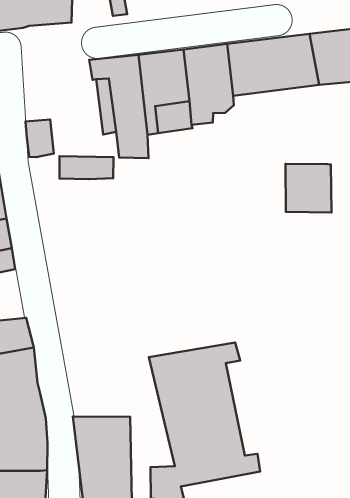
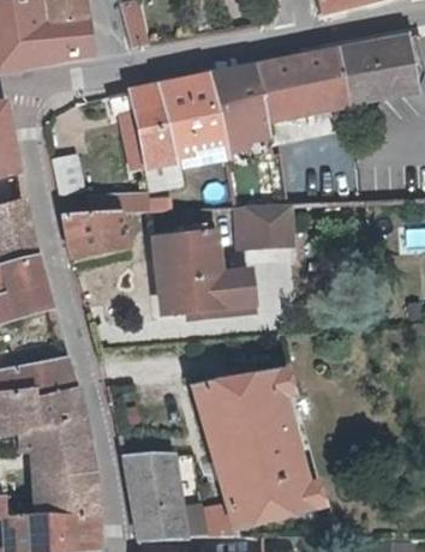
building: [285,164,331,212] -> [243,204,293,256]
building: none -> [64,212,130,258]
building: none -> [155,226,241,312]

